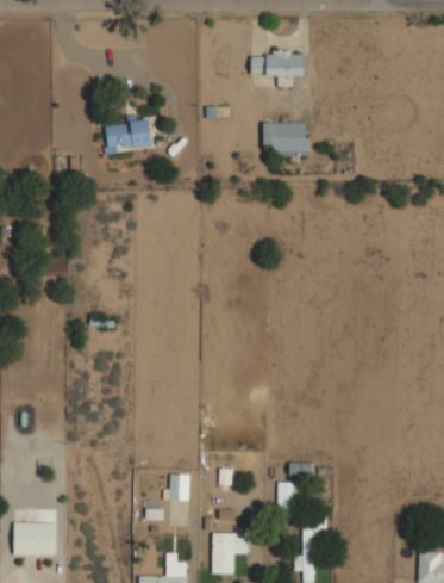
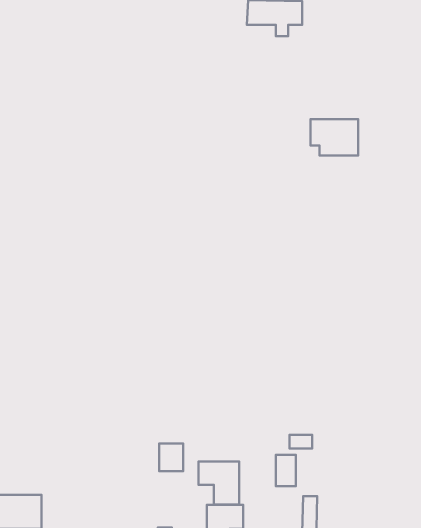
building: [104,120,150,150] -> none
building: [263,122,308,156] -> [311,119,358,155]
building: none -> [198,462,239,505]

